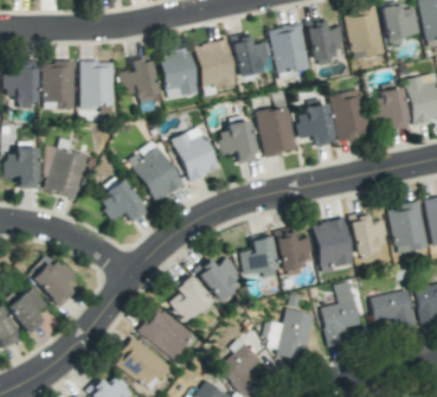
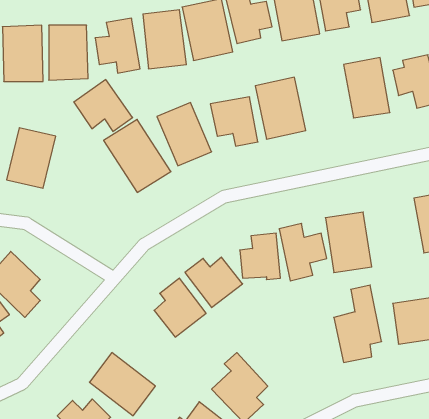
building: [296,103,334,146] -> none
building: [97,180,147,224] -> [74,80,133,132]
building: [349,213,387,258] -> none
building: [137,306,194,360] -> none
building: [264,309,314,360] -> none

